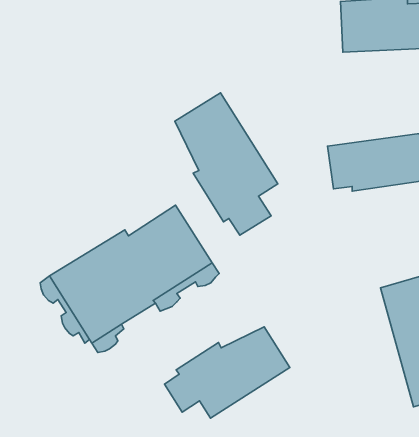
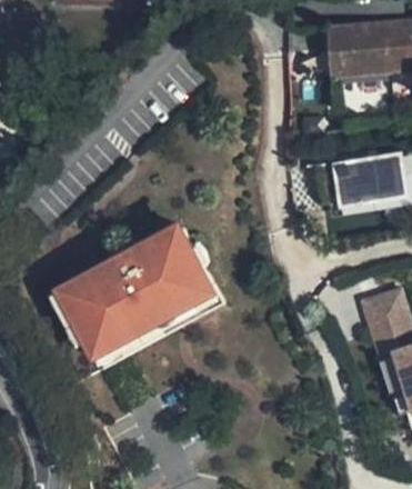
building: [175,93,278,235] -> none
building: [165,327,290,418] -> none

